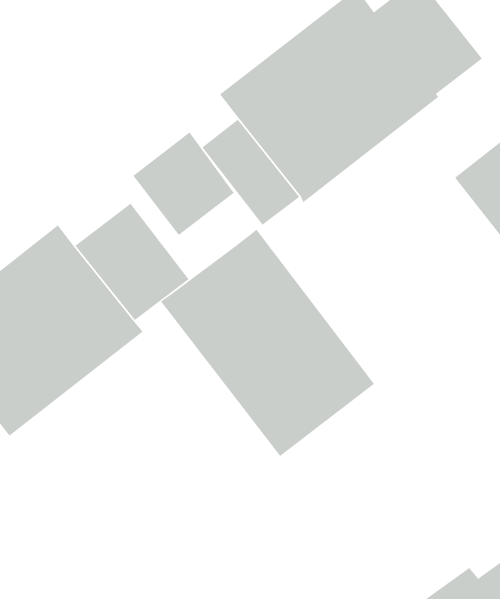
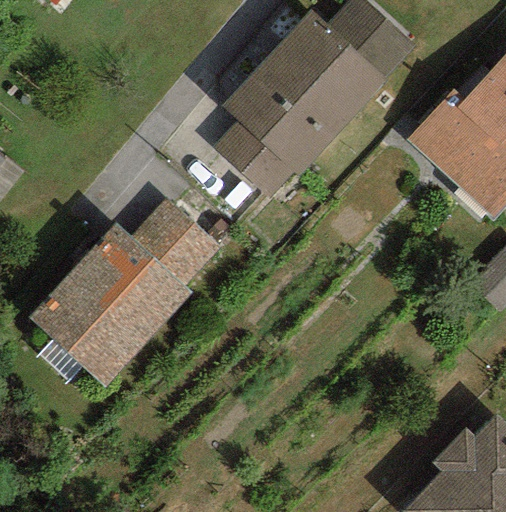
building: [133,132,234,236] -> none
building: [160,229,375,457] -> none

